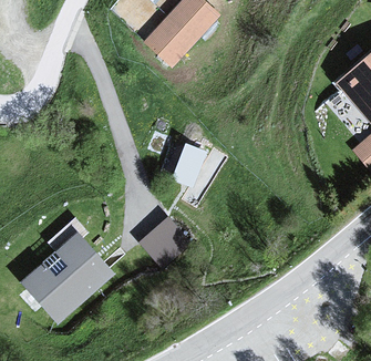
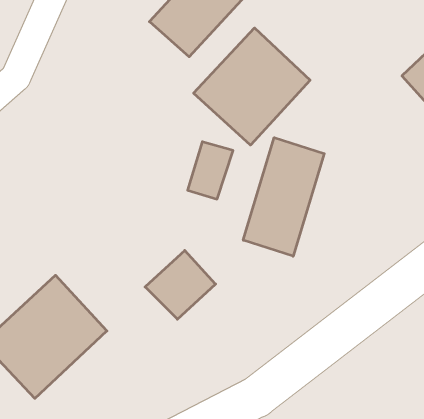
building: none -> [194,28,310,145]
building: none -> [243,138,324,256]

